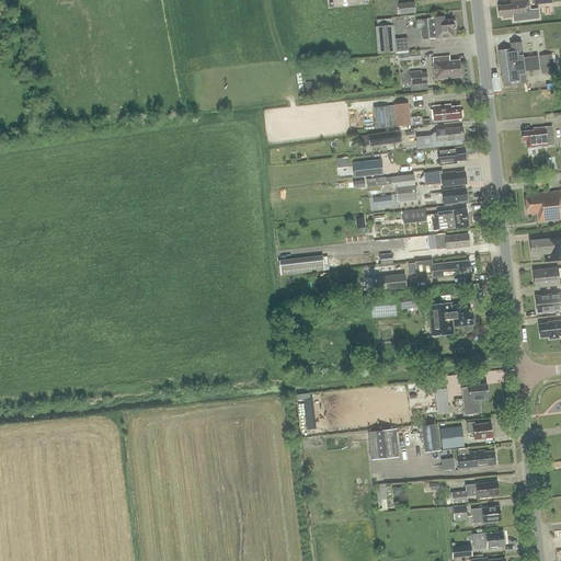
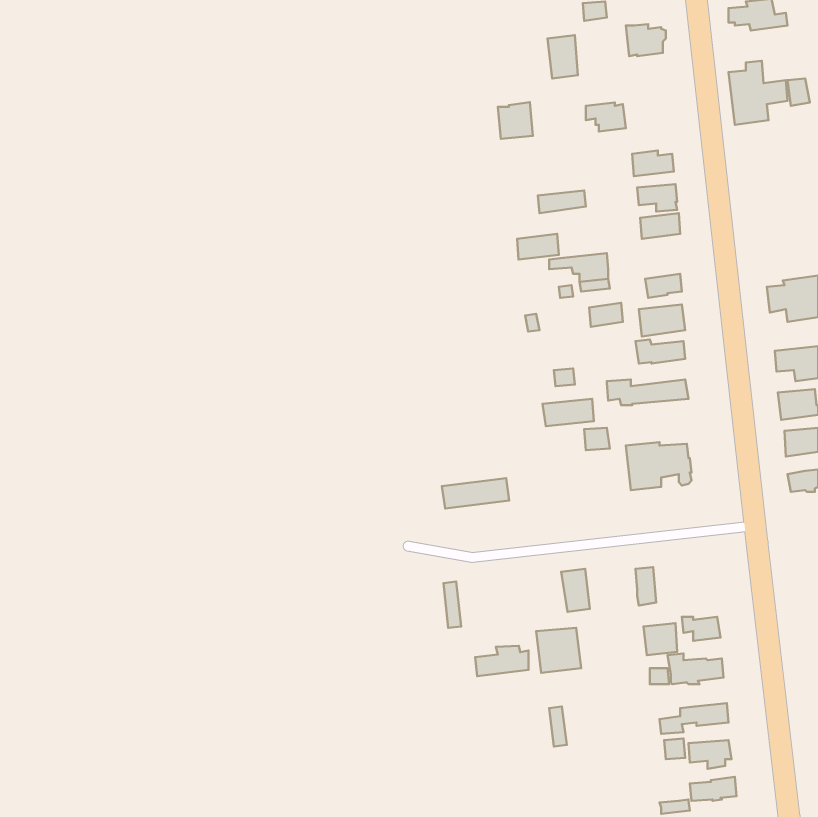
building: [433,56,461,79] -> none
building: [387,102,411,127] -> [498,102,533,139]
building: [522,126,553,147] -> none
building: [424,170,467,186] -> none
building: [278,254,324,275] -> [442,478,509,509]
building: [461,383,489,413] -> none
building: [421,423,440,453] -> [561,569,590,612]
building: none -> [475,646,529,676]

